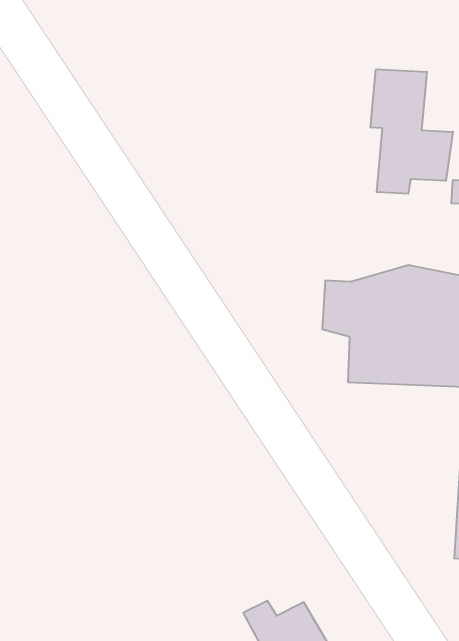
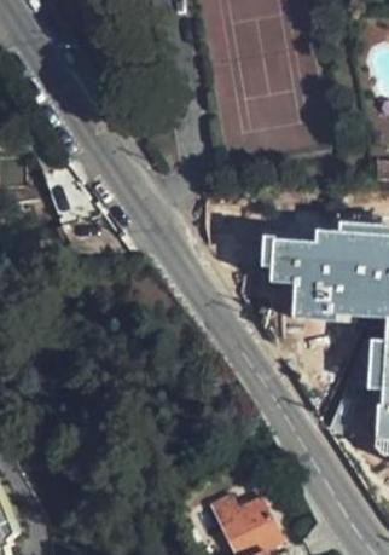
building: [371,69,453,194] -> none

